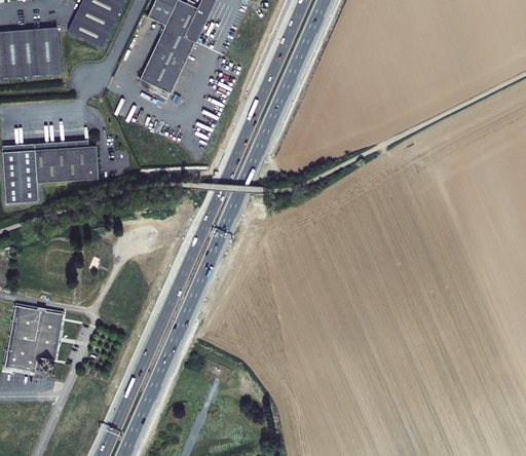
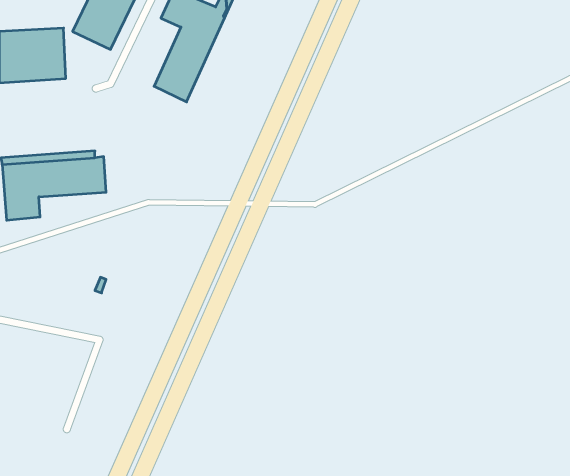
building: [5,303,64,372] -> none

